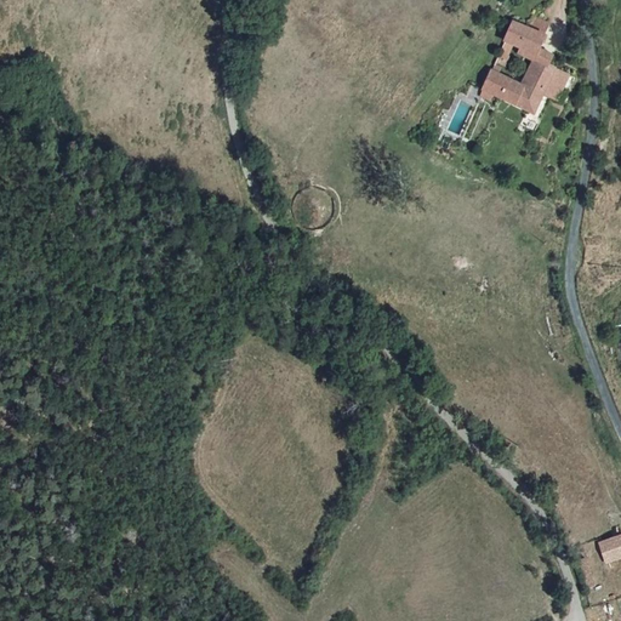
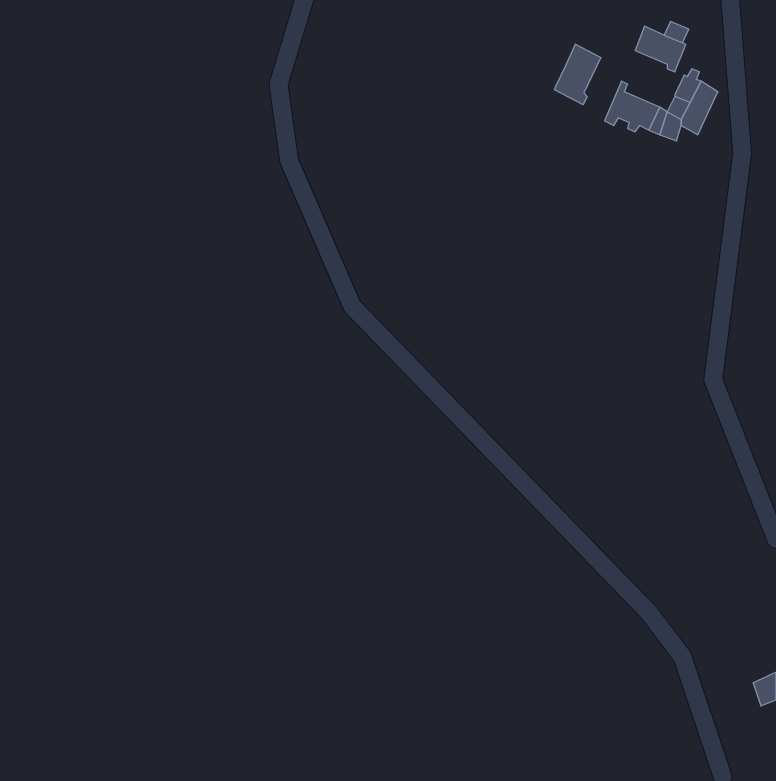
building: none -> [554,44,601,105]

